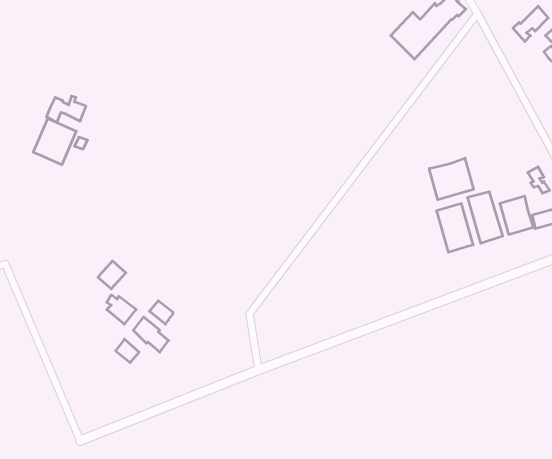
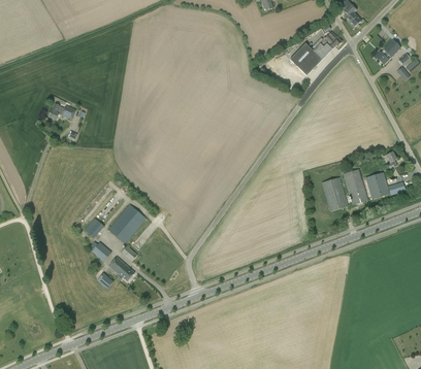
building: [33,119,76,165] -> none
building: [429,158,474,200] -> none
building: none -> [108,204,147,243]

